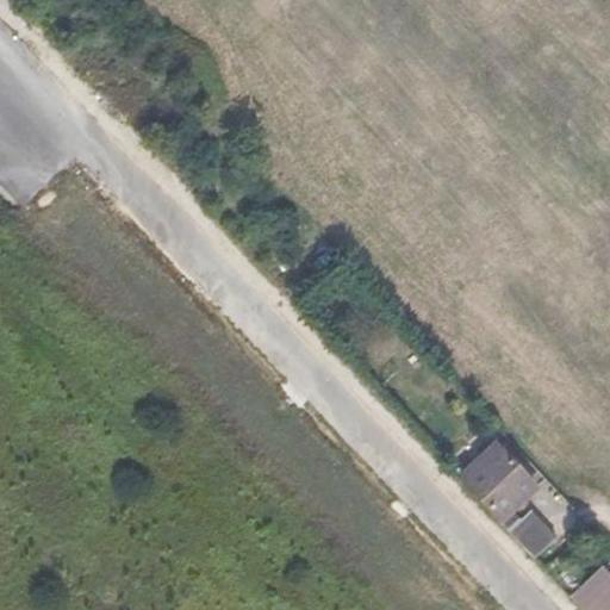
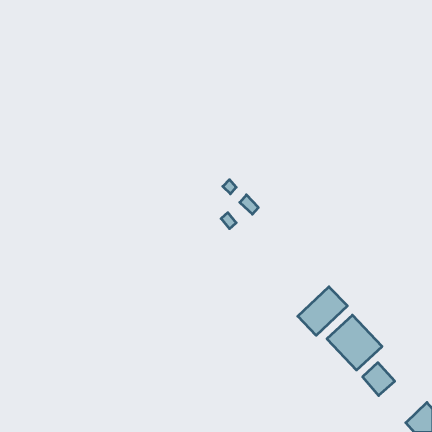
building: none -> [298,287,347,335]

